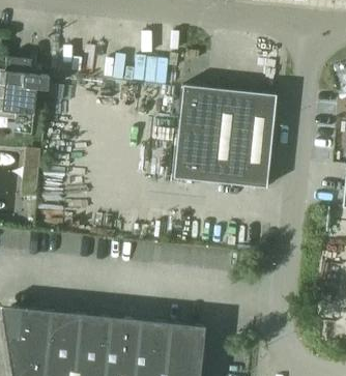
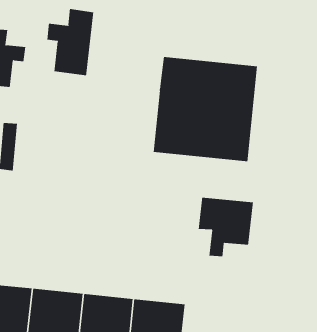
building: none -> [47,8,94,76]
building: none -> [198,197,253,257]

